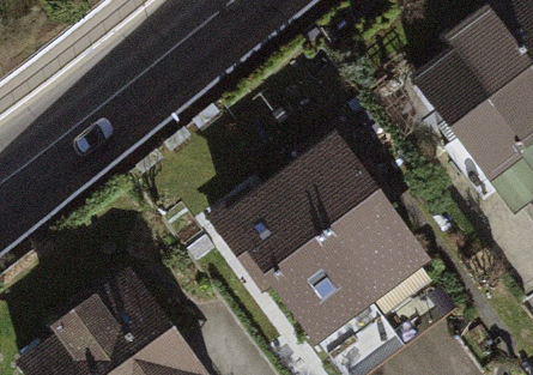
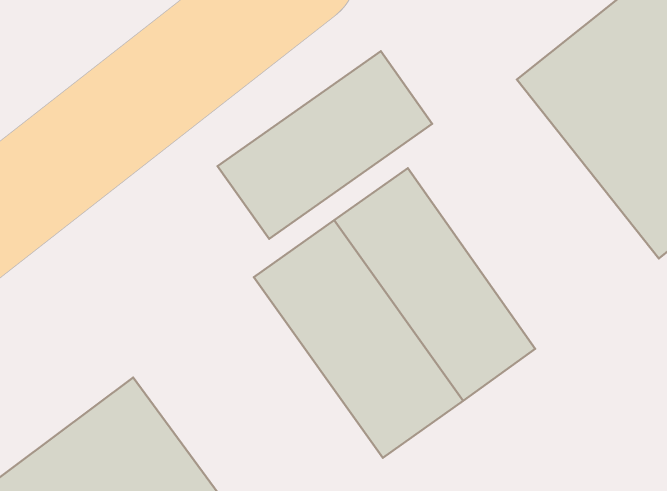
building: none -> [218,51,432,239]

